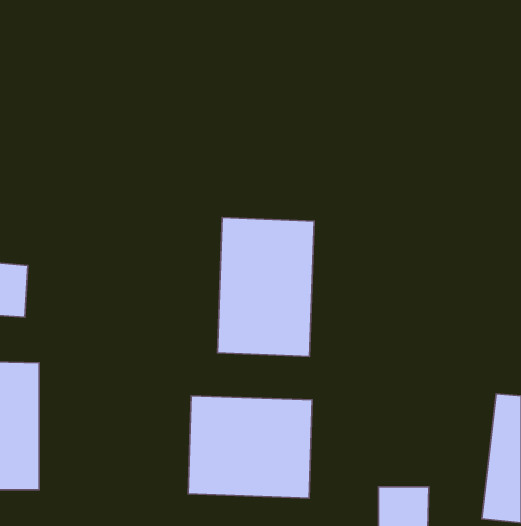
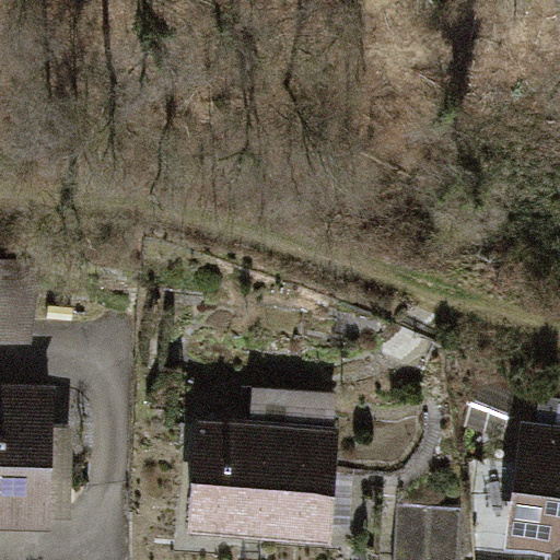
building: [218,218,314,356] -> none

